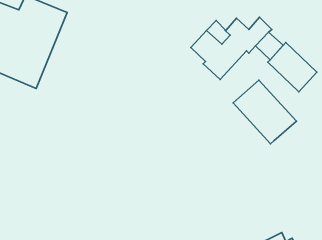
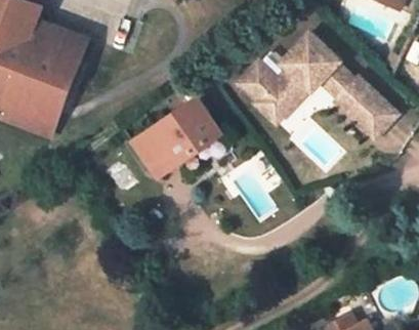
building: none -> [132,98,220,176]
building: [233,80,296,144] -> none

